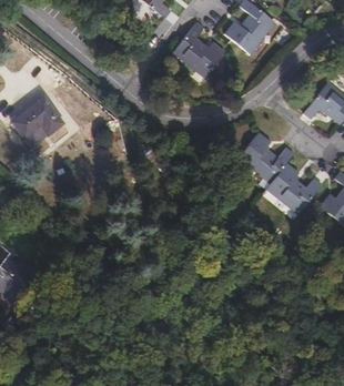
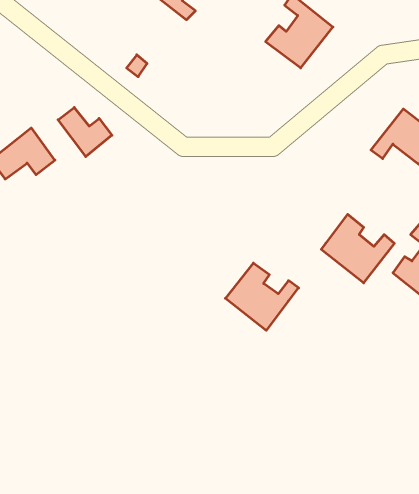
building: [172,22,223,77] -> none
building: none -> [58,107,112,157]
building: [237,135,293,186] -> [225,263,299,330]

